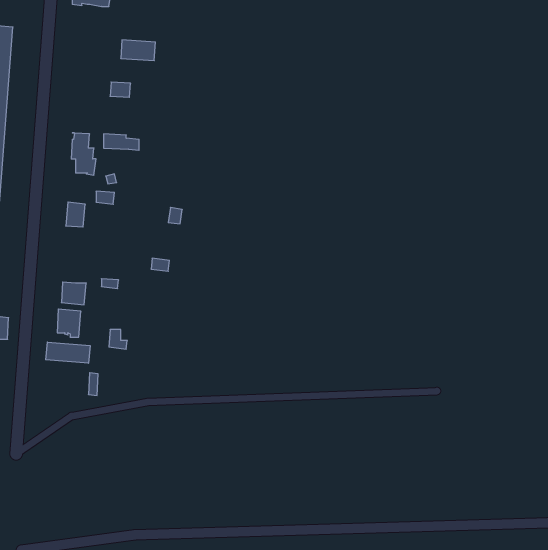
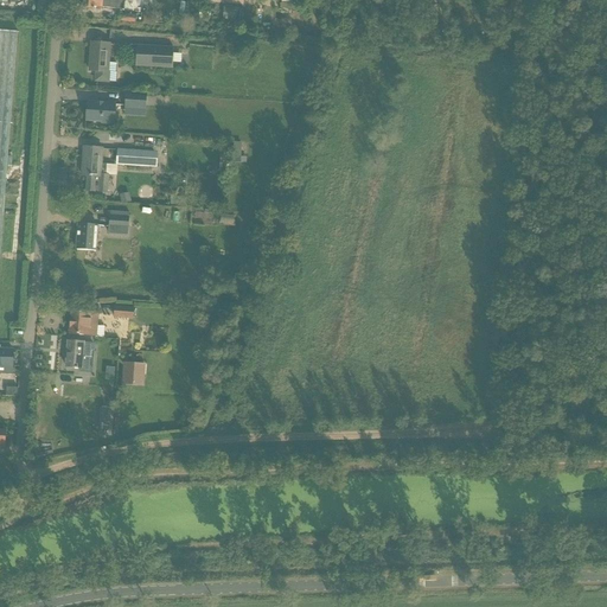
building: none -> [85,40,106,79]
building: none -> [82,100,113,122]
building: [46,342,90,363] -> none

